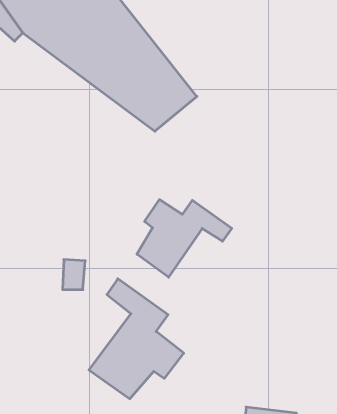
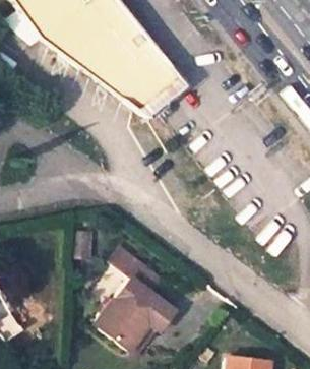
building: [137,200,232,277] -> none

